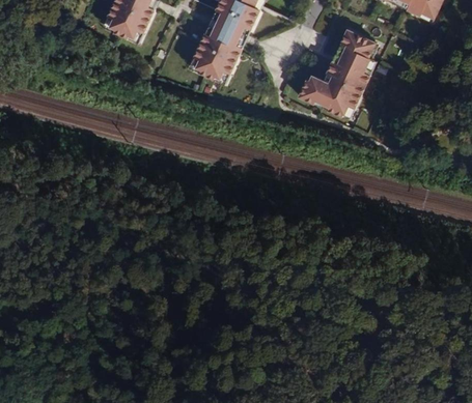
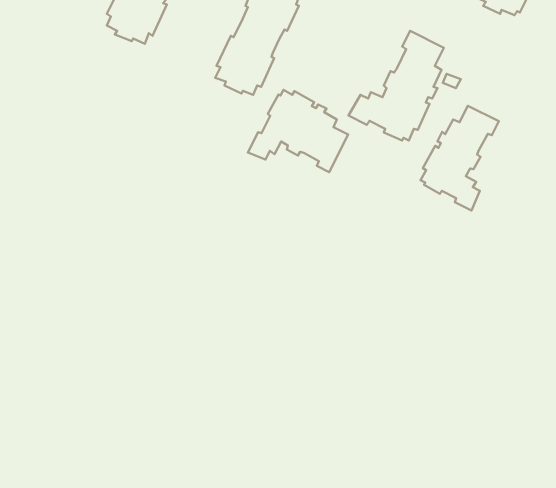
building: none -> [248,90,348,172]
building: none -> [420,106,499,210]

